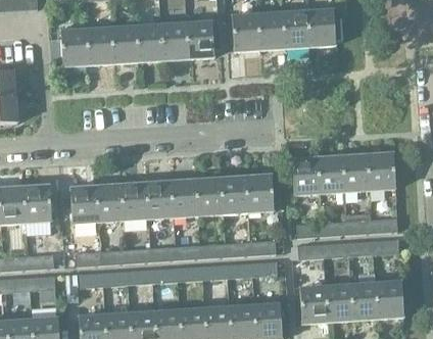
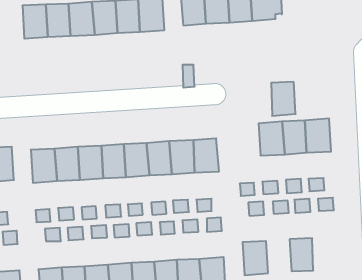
building: [292,157,319,194] -> [271,82,296,116]
building: [375,280,403,317] -> none
building: [325,283,352,320] -> none

